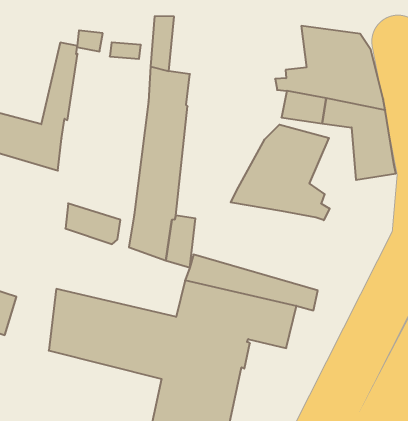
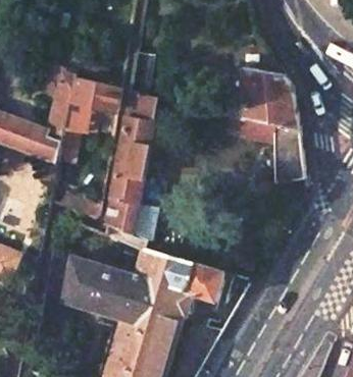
building: none -> [59,78,120,144]
building: [231,125,330,220] -> none

